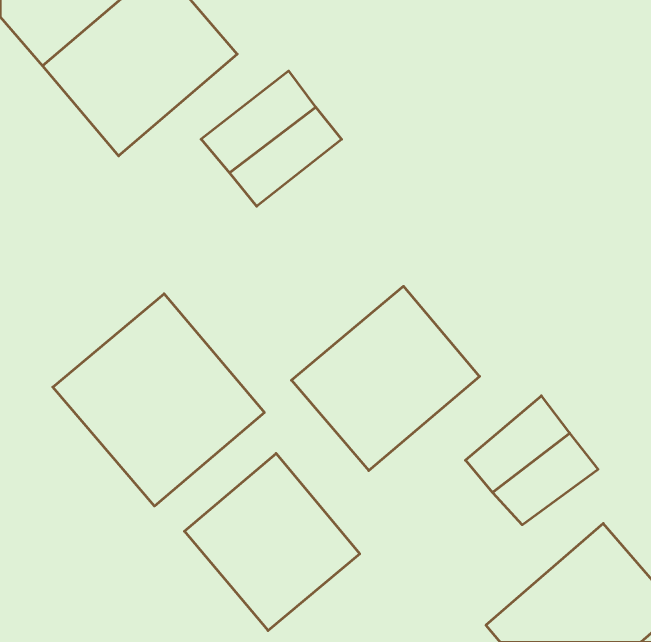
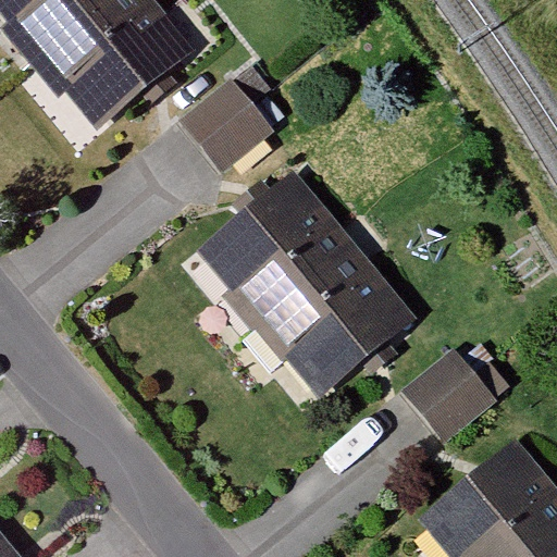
building: none -> [189,166,347,321]
building: [53,294,264,506] -> none
building: [184,453,360,631] -> none

